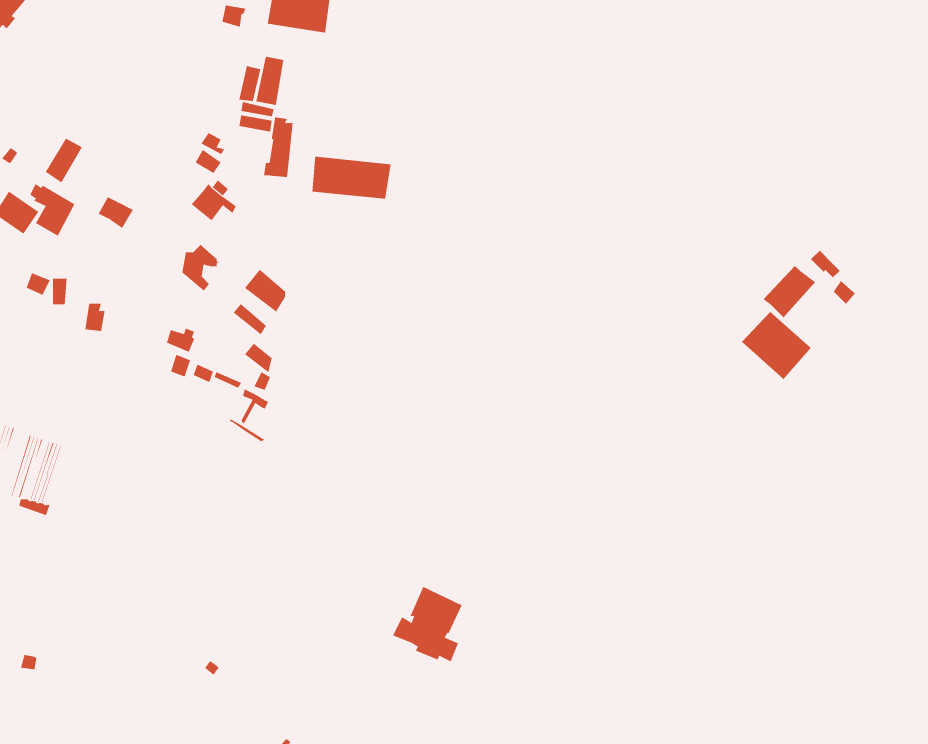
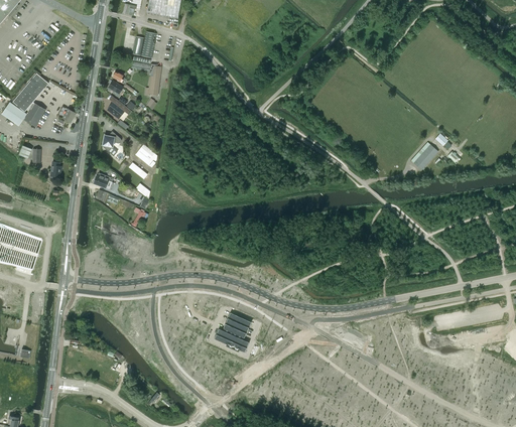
building: [312,156,391,199] -> none
building: [741,311,812,380] -> none

